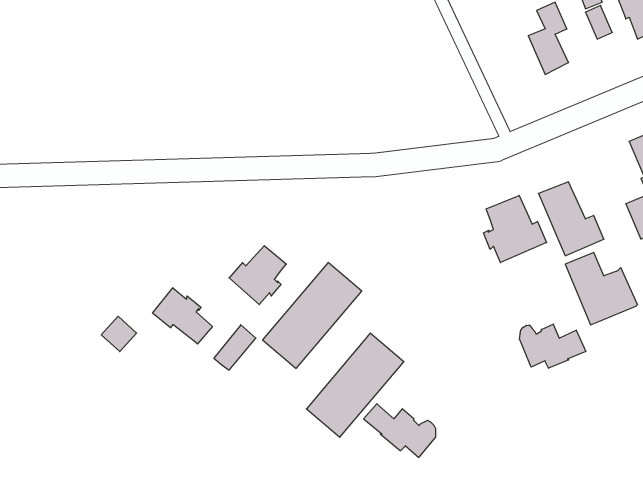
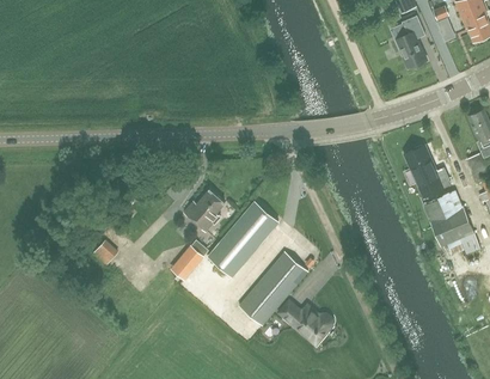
building: [484,195,547,263] -> none
building: [153,288,212,344] -> none
building: [519,324,586,368] -> none

